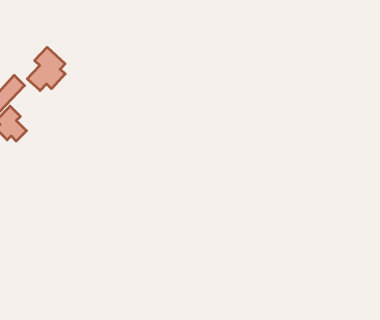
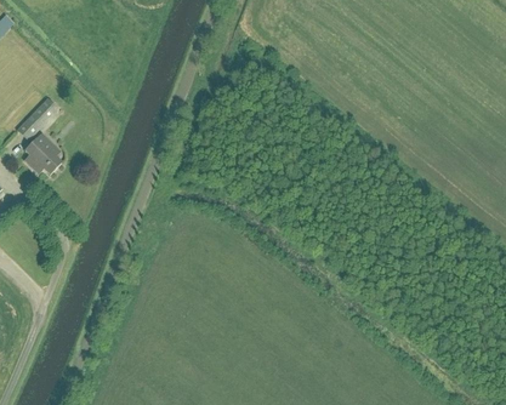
building: [27,47,65,91] -> none

